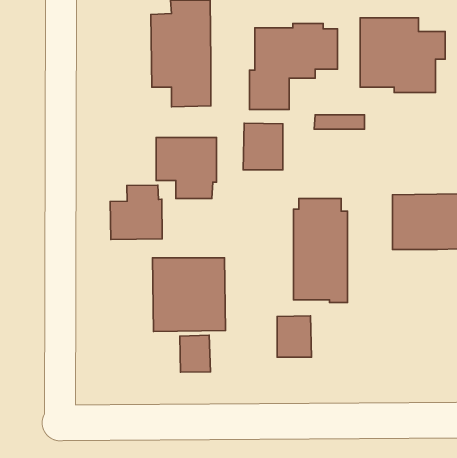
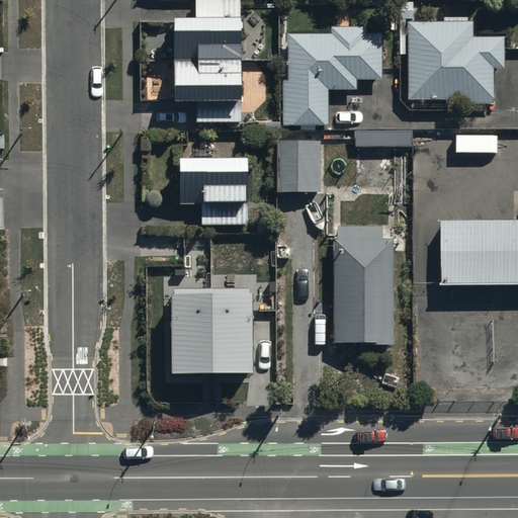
building: [110,185,162,240] -> none
building: [277,316,311,357] -> none
building: [180,335,210,372] -> none

